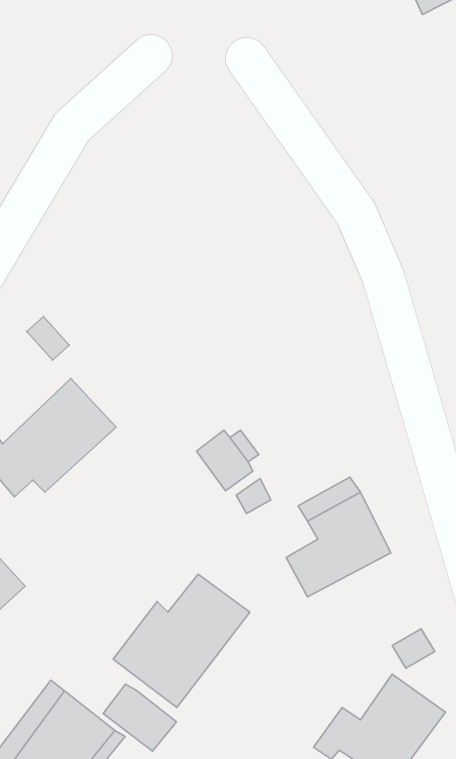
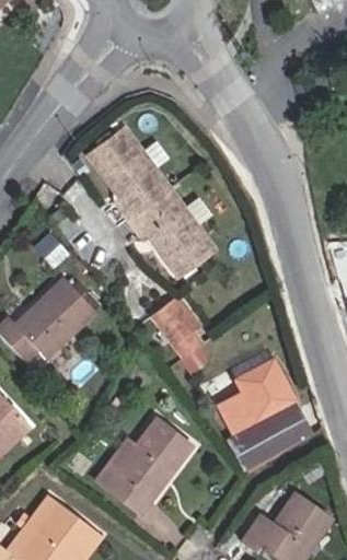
building: none -> [96,140,219,290]
building: none -> [230,406,311,468]
building: [103,684,176,751] -> none

